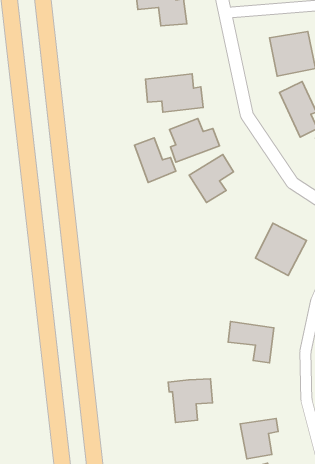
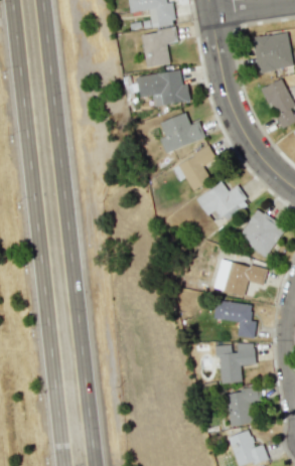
building: none -> [141,28,176,68]
building: [135,138,176,182] -> none
building: none -> [196,182,249,221]
building: none -> [208,259,267,295]
building: [168,379,213,422] -> [214,343,256,383]

